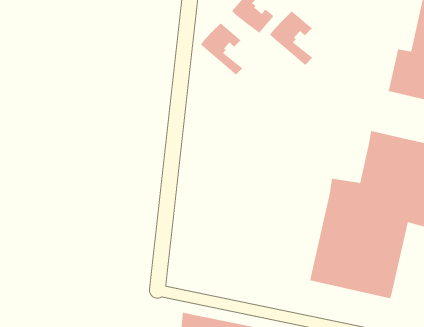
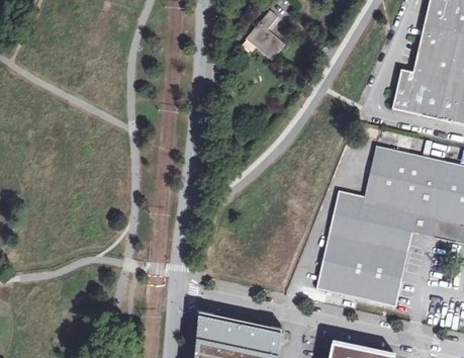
building: [269,10,313,66] -> none
building: [200,23,243,75] -> none

